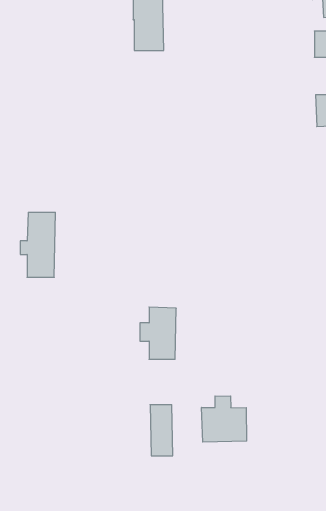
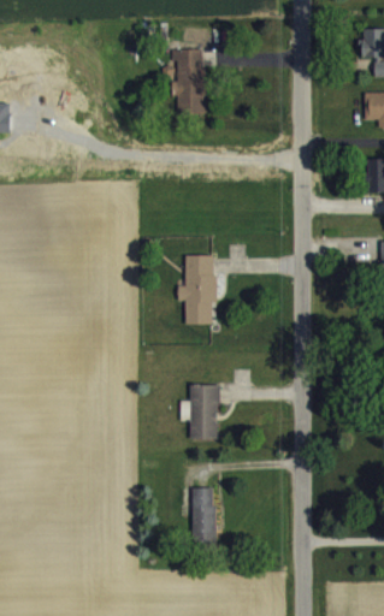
building: [20,212,55,277] -> [177,255,214,324]
building: [202,396,247,442] -> none

